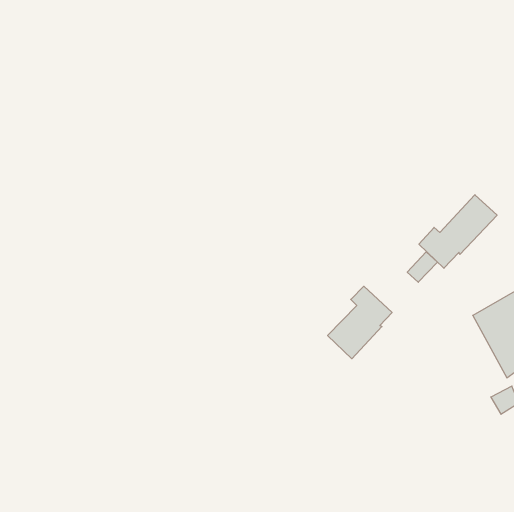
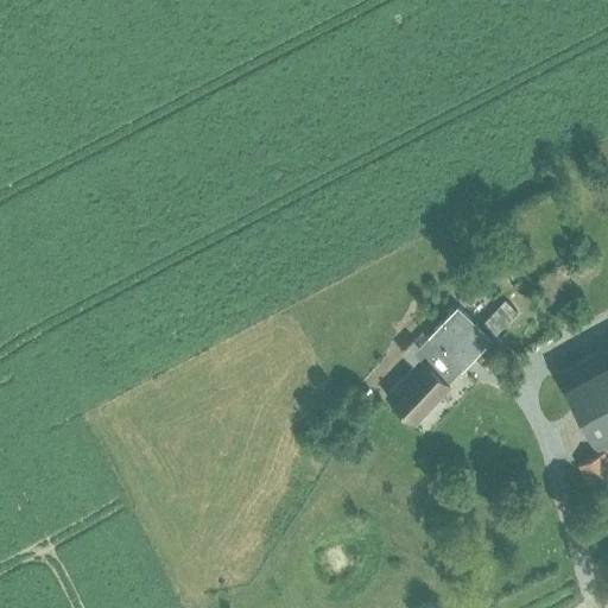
building: [419,195,497,268] -> none
building: none -> [430,310,492,373]

